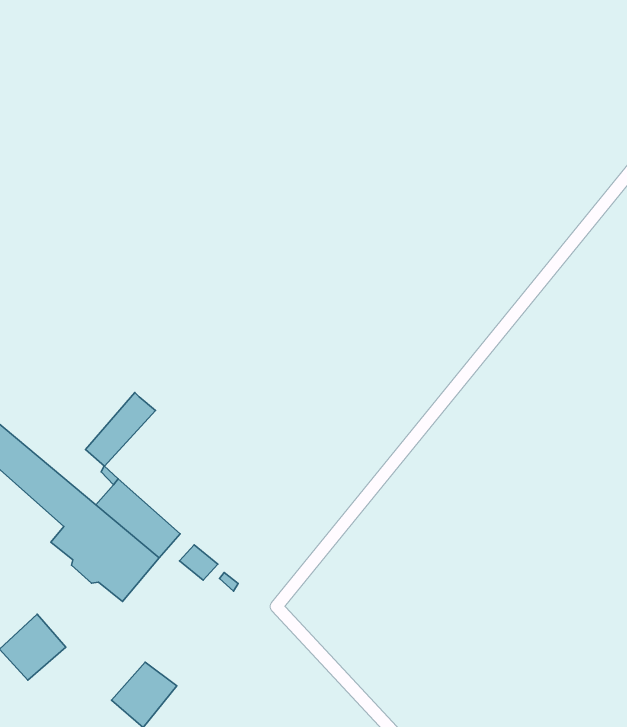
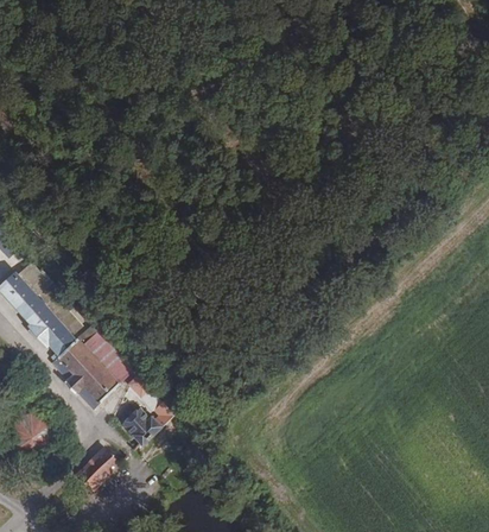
building: [85,393,155,466] -> none
building: none -> [125,406,176,442]

